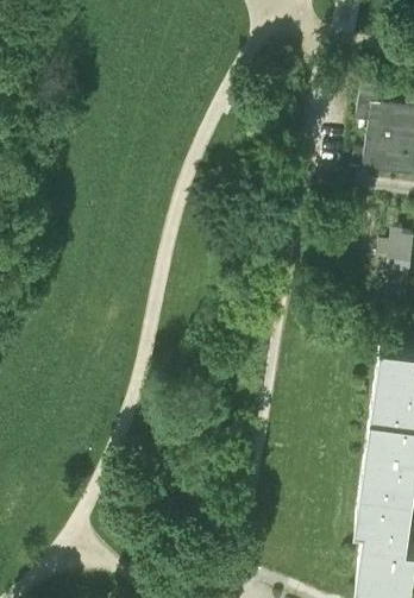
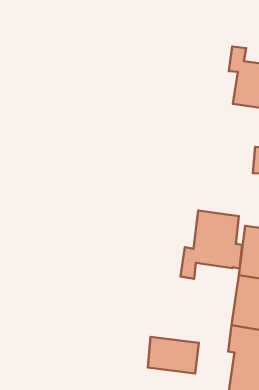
building: none -> [181,211,242,279]
building: none -> [148,337,199,373]

